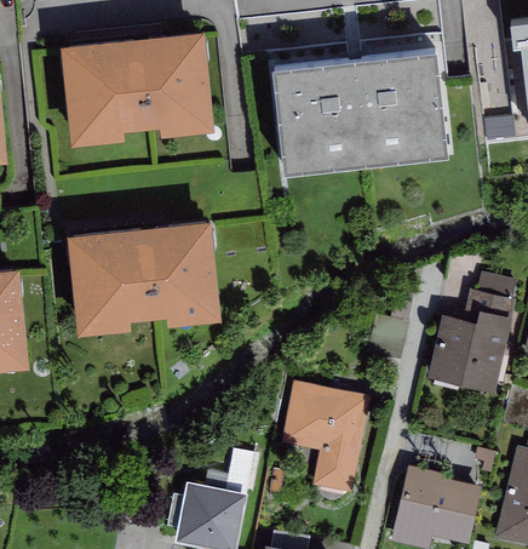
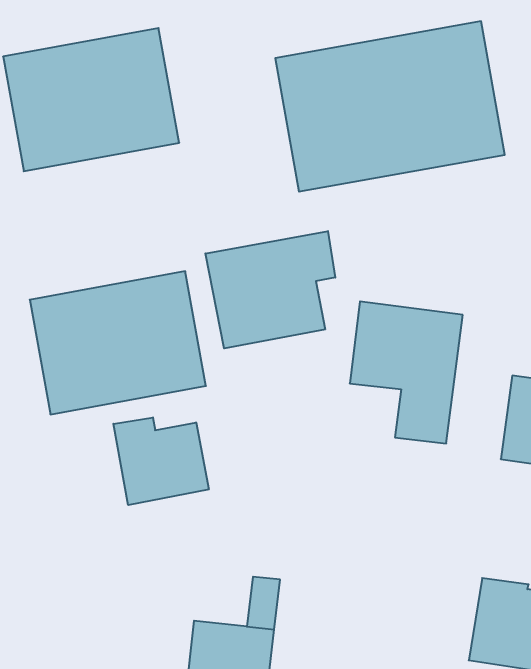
building: none -> [205,231,335,348]
building: none -> [113,417,209,505]
building: [280,387,369,499] -> [350,301,463,443]

